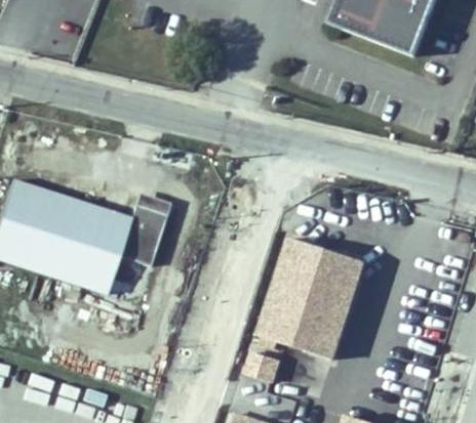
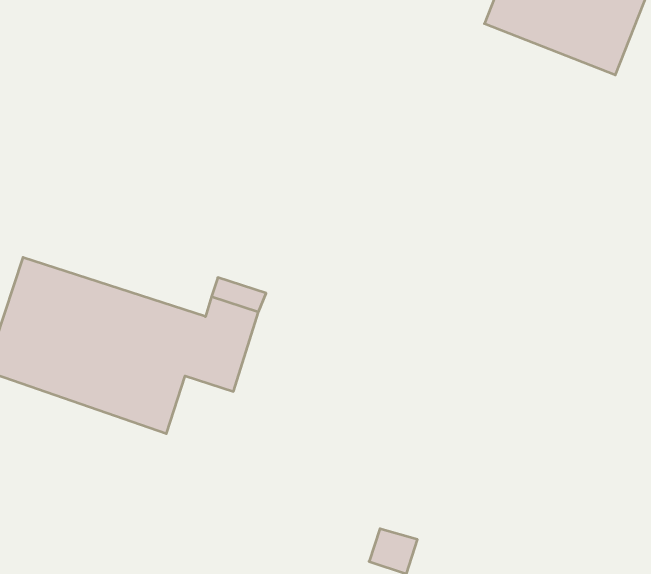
building: [257,239,363,361] -> none

